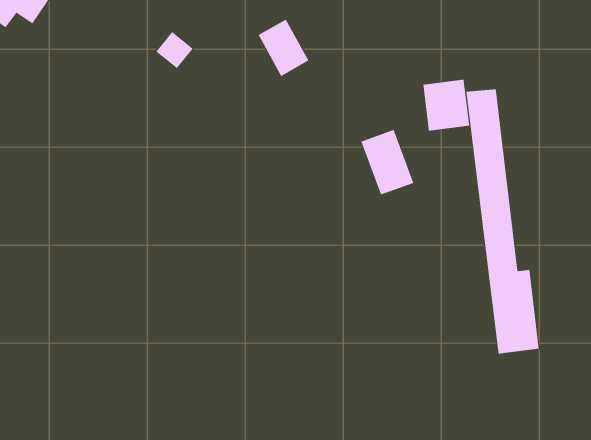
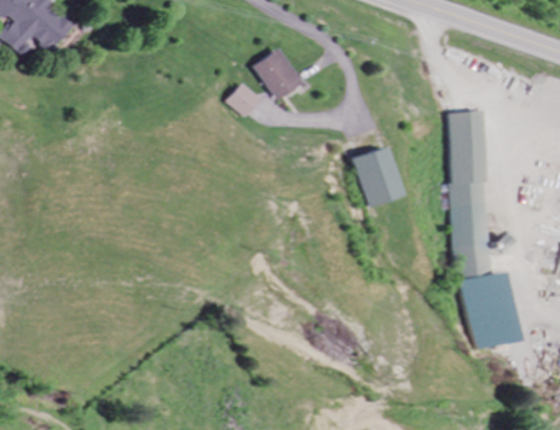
building: [156,31,193,69] -> [233,83,267,117]
building: [423,79,470,132] -> none

